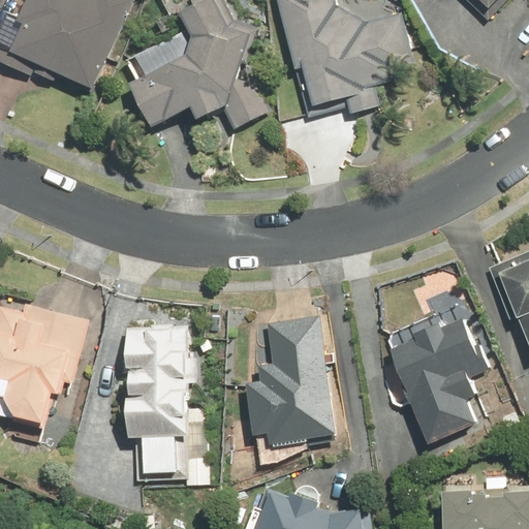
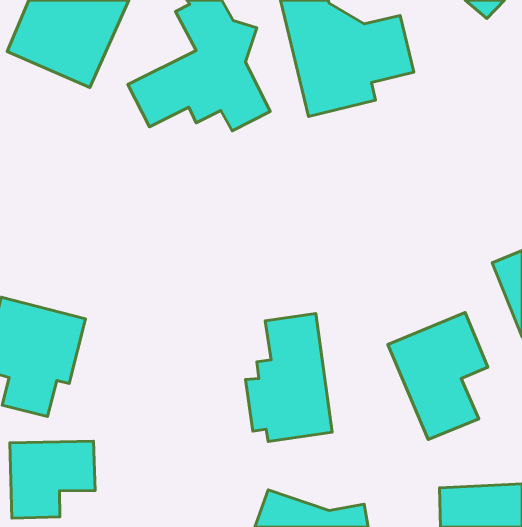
building: [125,325,210,488] -> none
building: none -> [10,441,95,518]

